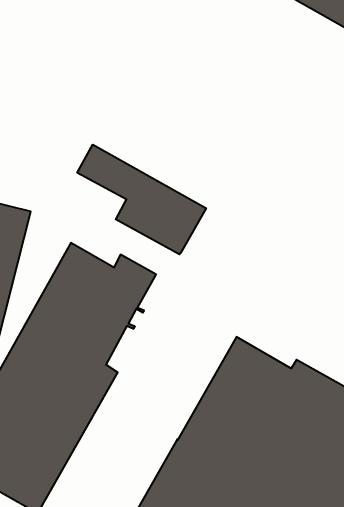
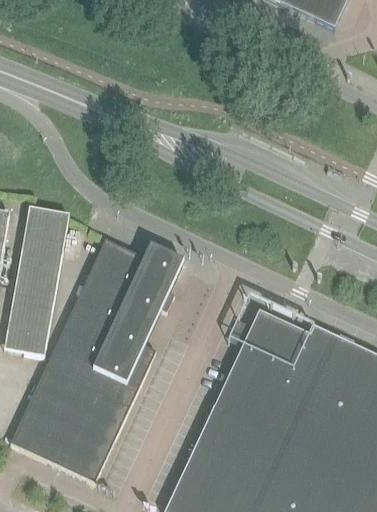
building: [77,145,206,254] -> none

